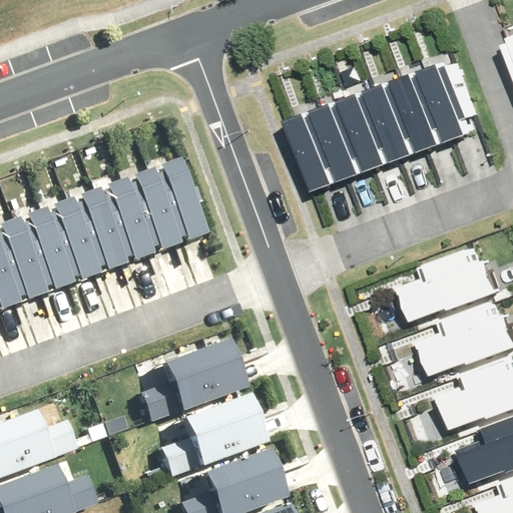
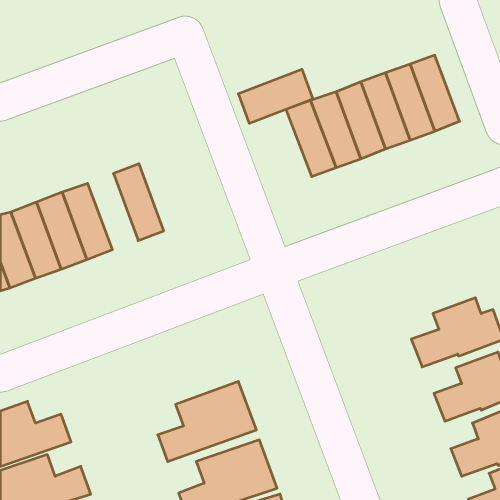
building: none -> [238,69,313,123]
building: [145,161,196,238] -> none
building: [93,180,144,258] -> none
building: [401,259,494,329] -> none
building: [146,339,245,421] -> none

